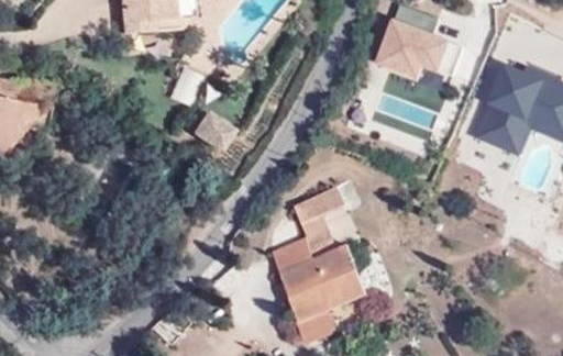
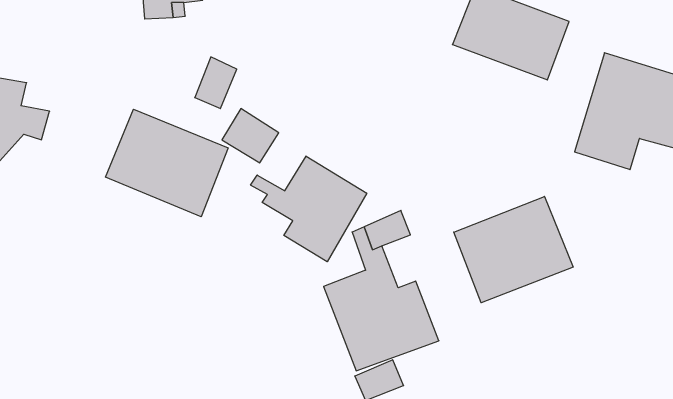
building: none -> [106,109,228,217]
building: none -> [251,156,367,262]
building: none -> [454,196,573,303]

